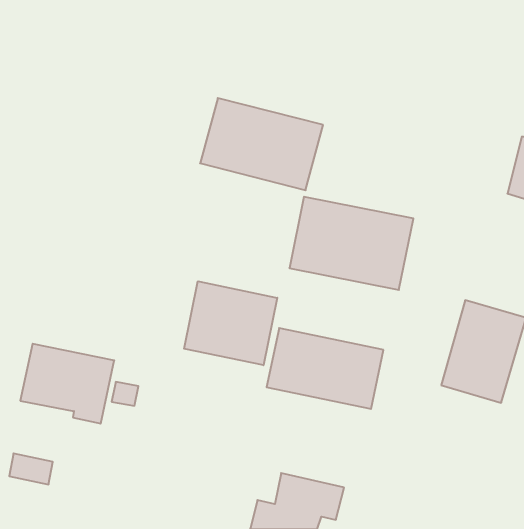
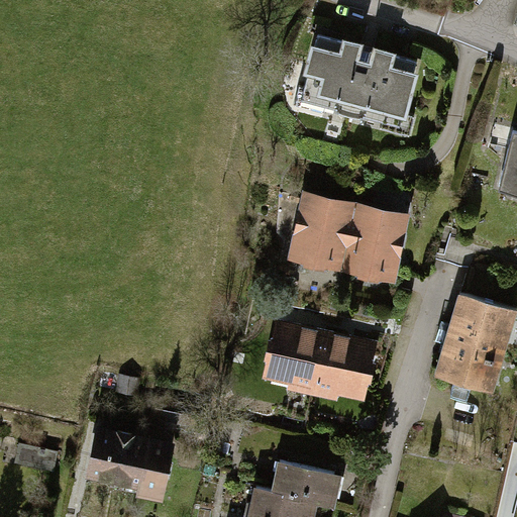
building: [200,98,323,190] -> [299,36,419,126]
building: [184,281,277,365] -> none
building: [20,344,114,424] -> [81,424,173,502]

